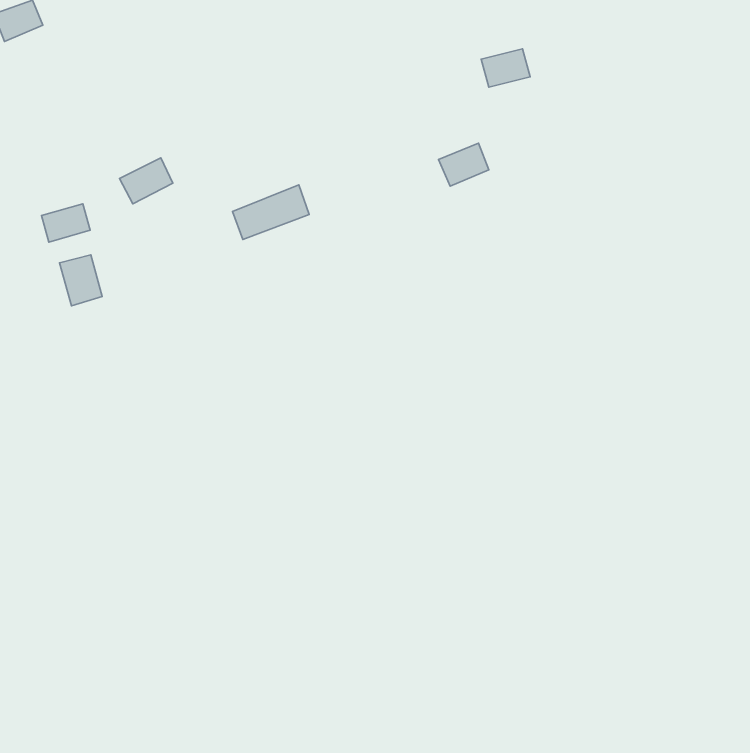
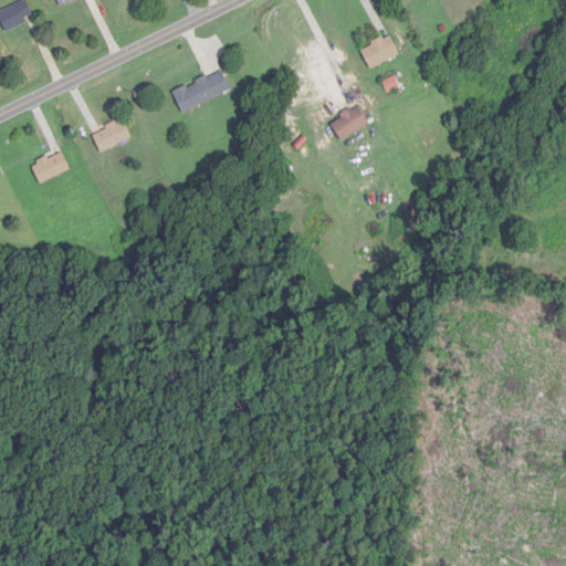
building: [233,185,309,239] -> [171,70,229,111]
building: [59,255,102,306] -> none

